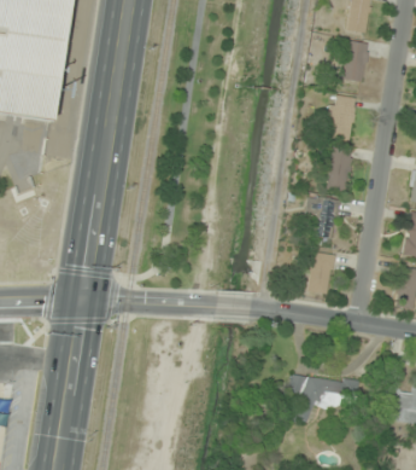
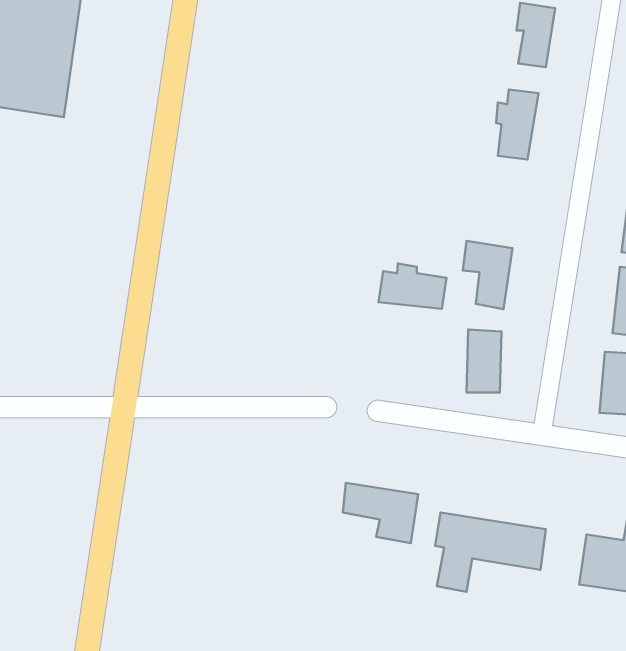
building: [323,146,353,192] -> none
building: none -> [378,263,446,309]
building: none -> [343,483,418,543]

